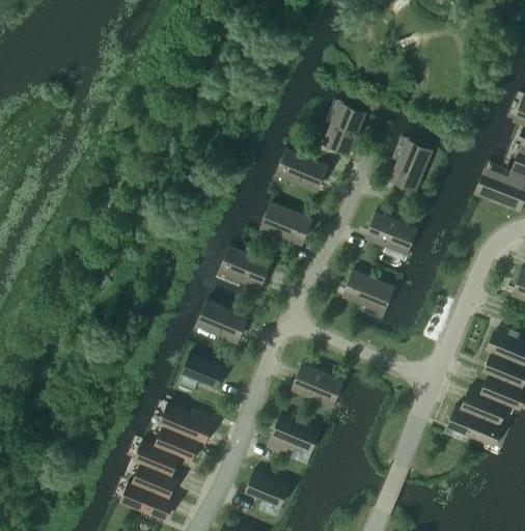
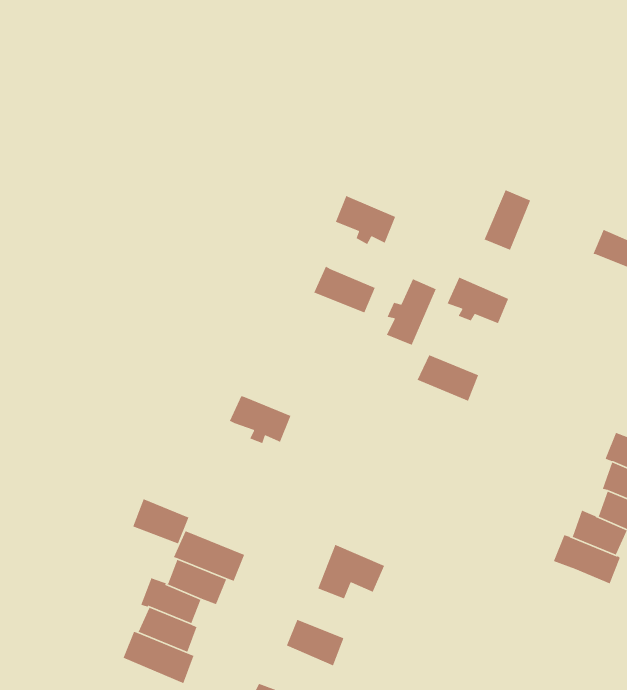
building: [327,109,365,157] -> none
building: none -> [386,278,437,346]
building: [223,248,271,285] -> none
building: [182,355,225,390] -> [132,498,190,545]
building: [293,365,339,401] -> none

